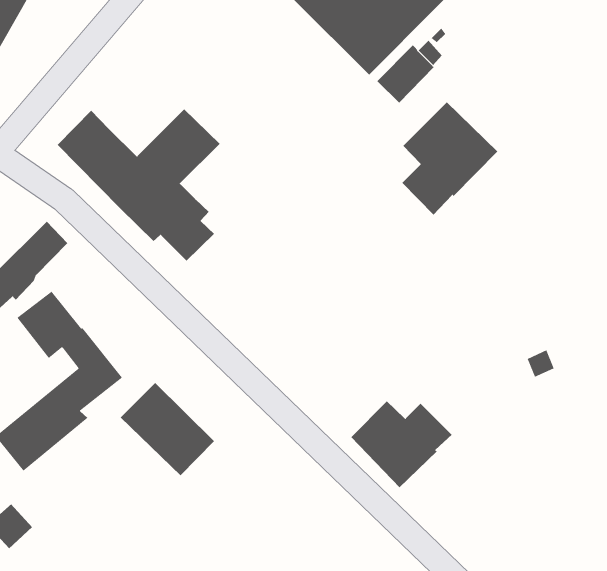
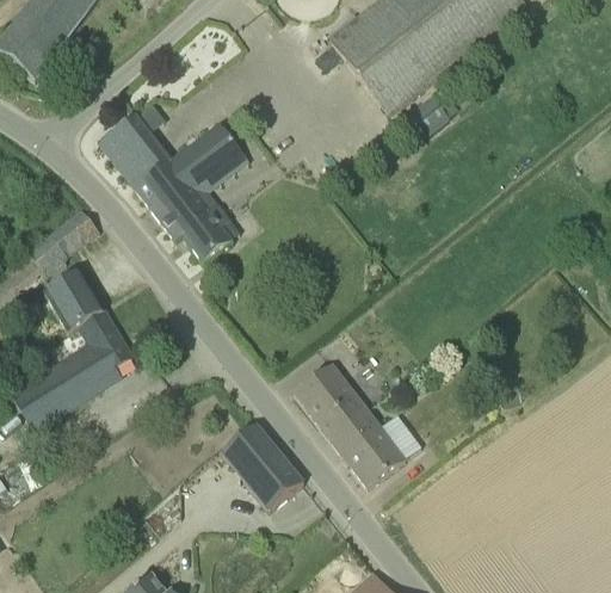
building: [402,102,498,215] -> none
building: none -> [294,363,366,437]
building: [120,382,215,476] -> [221,422,303,509]

